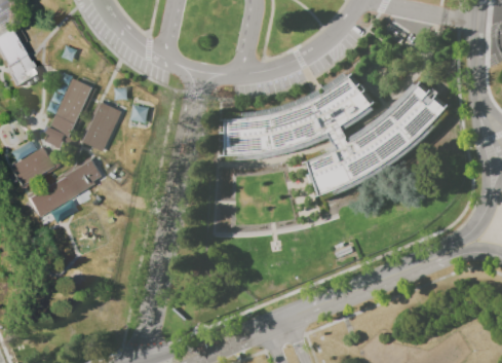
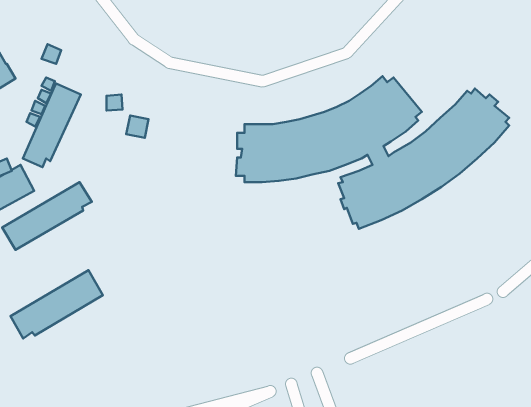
building: [83,102,121,150] -> none
building: none -> [11,270,103,339]

